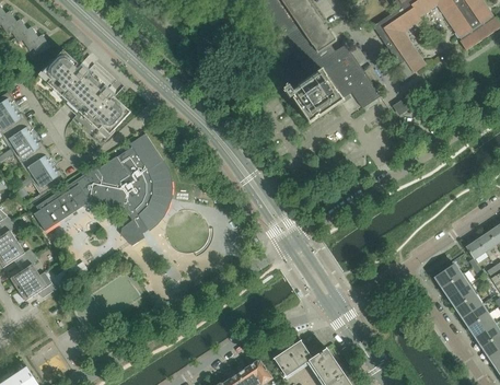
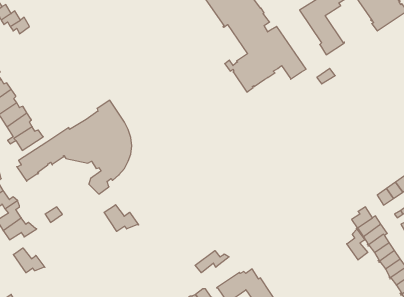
building: [31,49,130,145] -> none
building: none -> [104,205,139,231]
building: none -> [347,229,368,260]
building: none -> [13,248,45,273]
building: none -> [195,251,229,273]

